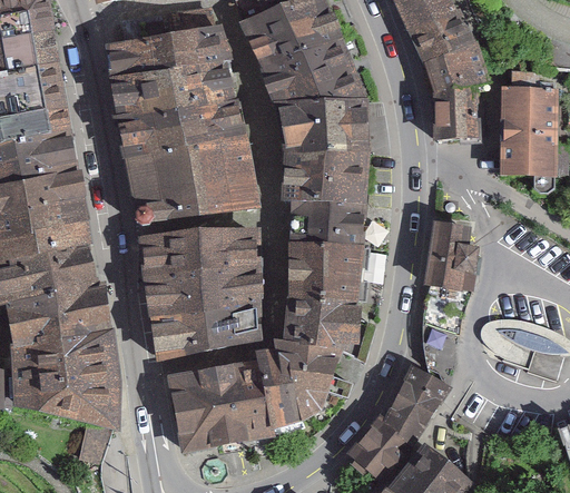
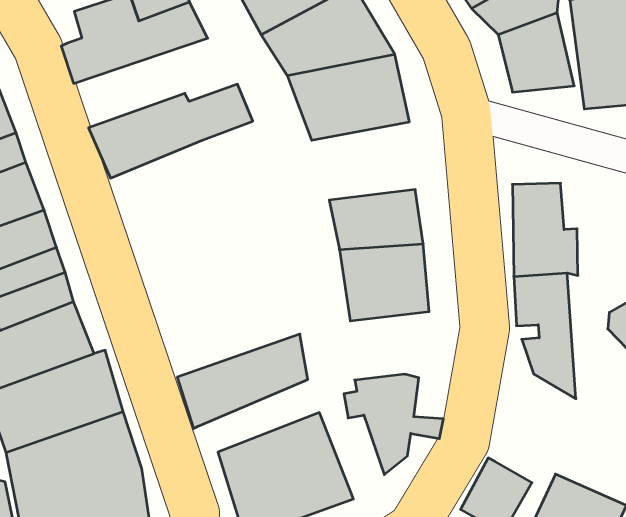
building: [114,66,232,118] -> none
building: [129,135,252,227] -> none
building: [284,156,364,208] -> none
building: [144,234,254,319] -> none
building: [288,299,374,365] -> none
building: [257,354,298,435] -> none
building: [384,371,448,446] -> none

